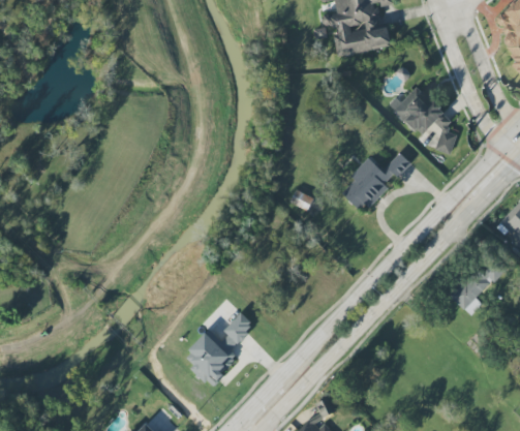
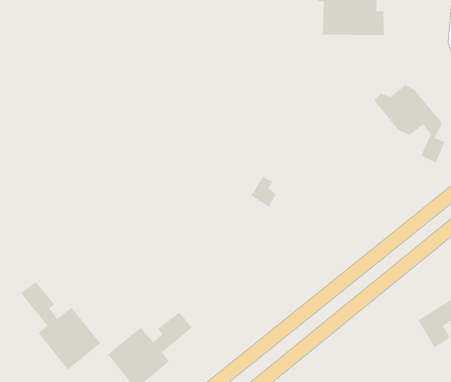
building: [341,152,410,213] -> none
building: none -> [20,281,101,371]

